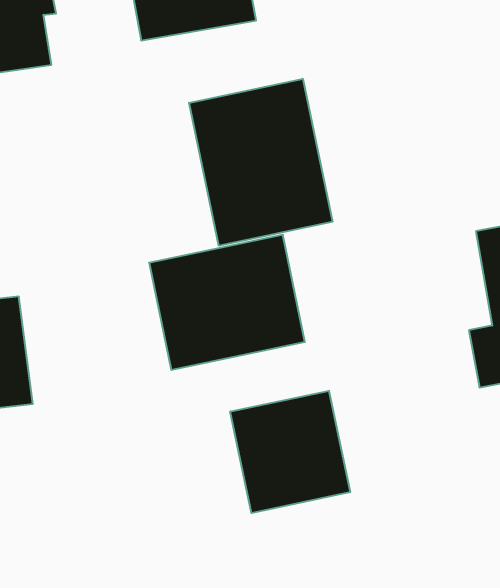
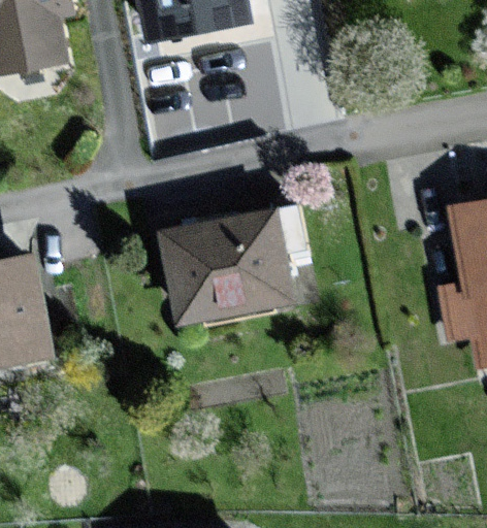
building: [189,79,333,246] -> none
building: [230,391,350,513] -> none

